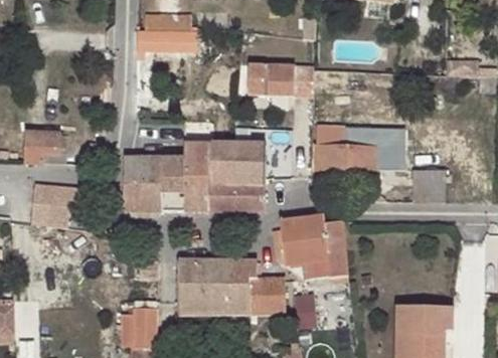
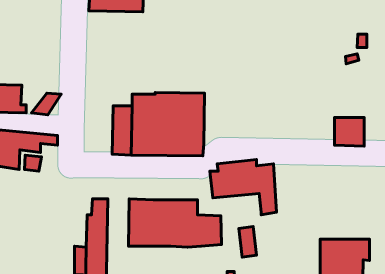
building: [247,63,312,95] -> none
building: [315,124,404,169] -> none
building: [124,154,163,215] -> none
building: [275,253,329,277] -> none

